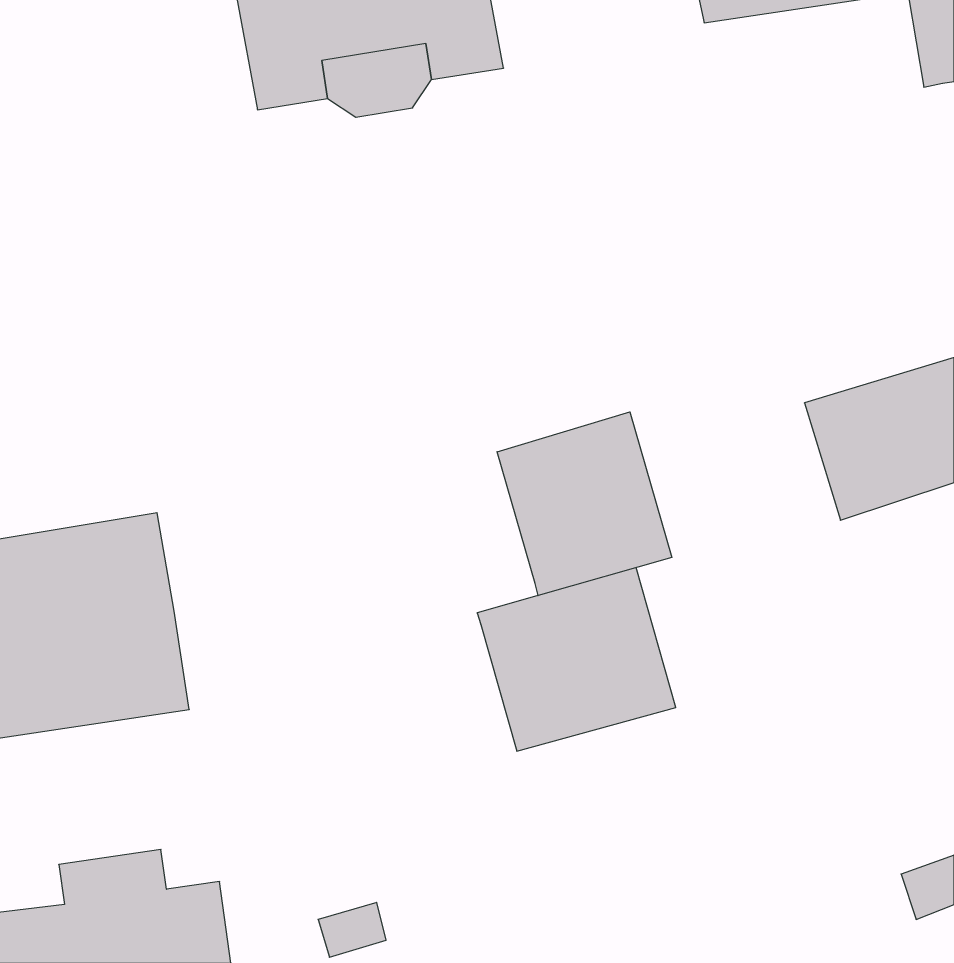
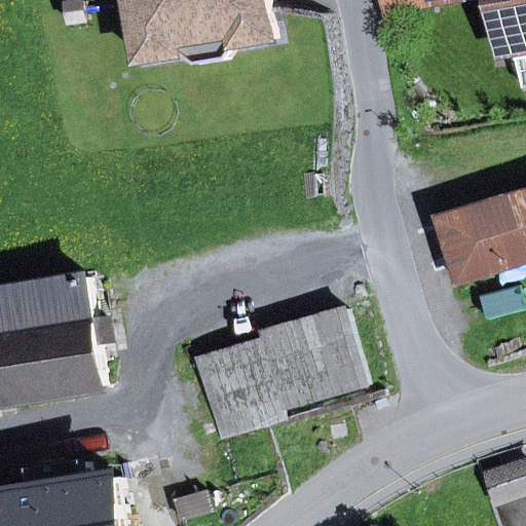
building: [497,412,672,596] -> none
building: none -> [194,339,281,438]

